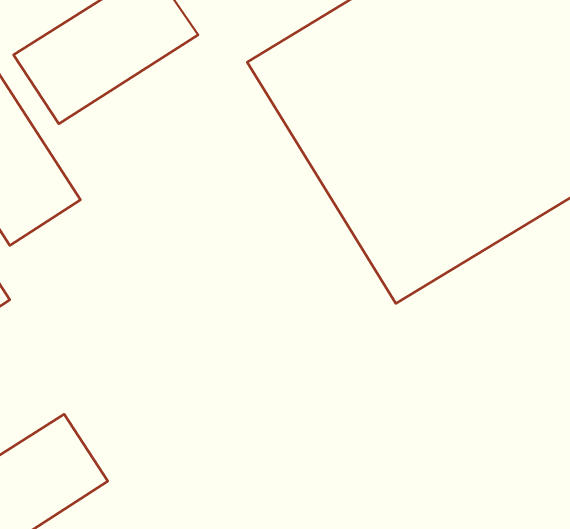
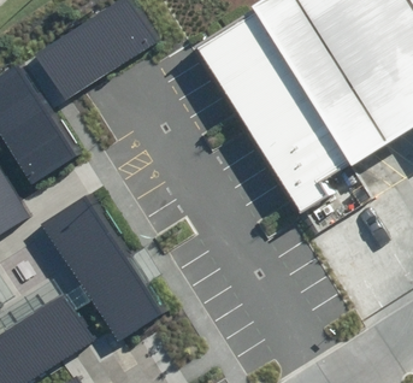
building: none -> [40,188,166,341]

